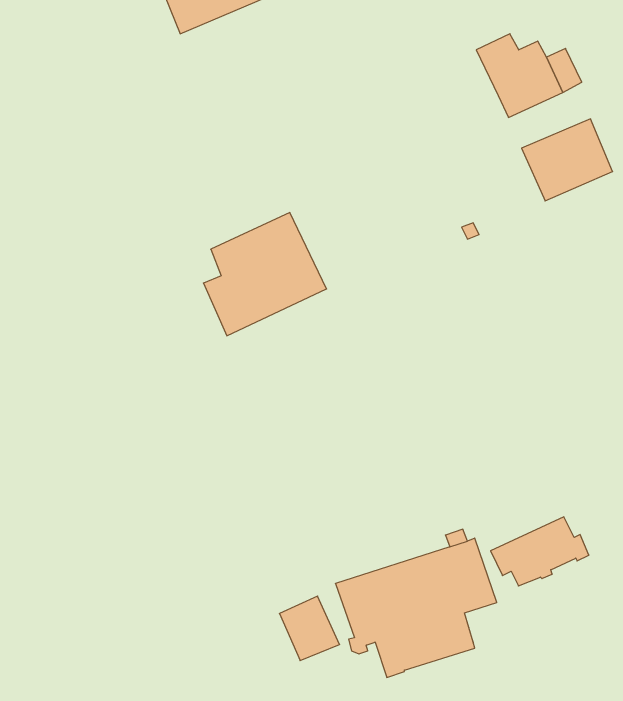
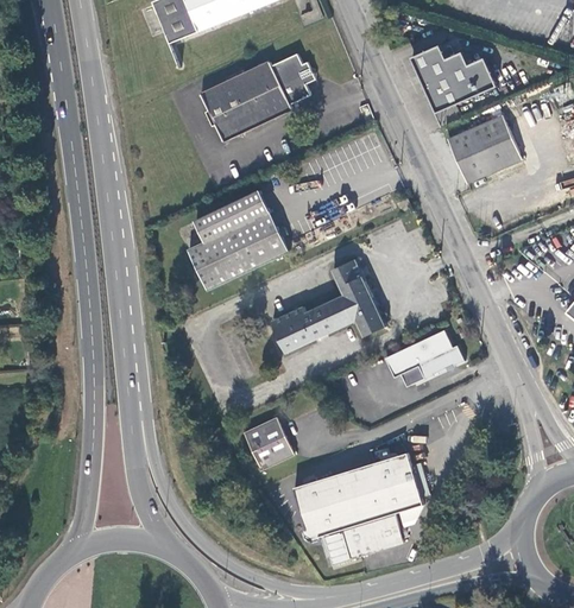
building: none -> [200,52,315,138]
building: none -> [272,256,386,353]
building: [491,517,589,586] -> [384,329,463,385]
building: [279,596,340,661] -> [245,417,294,469]

